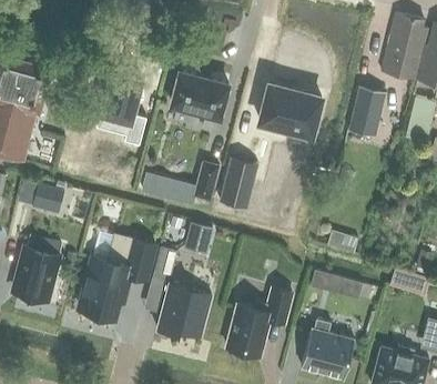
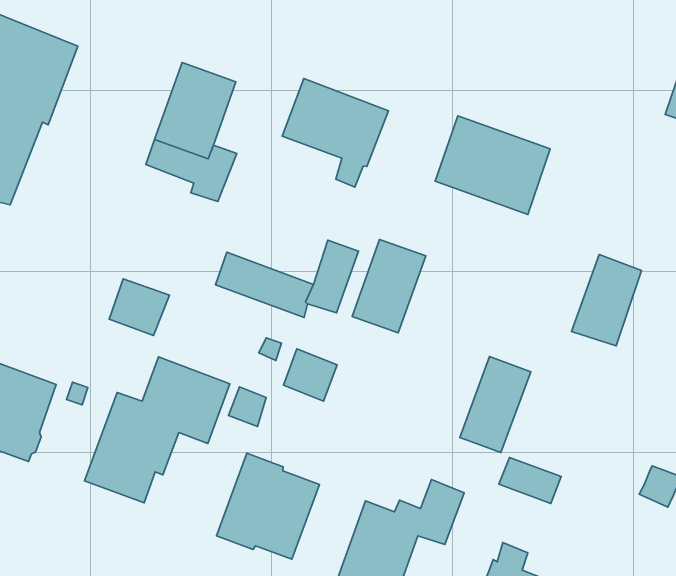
building: [345,87,380,137] -> [572,254,641,346]
building: [32,184,64,214] -> [109,279,169,335]
building: none -> [460,357,531,453]

